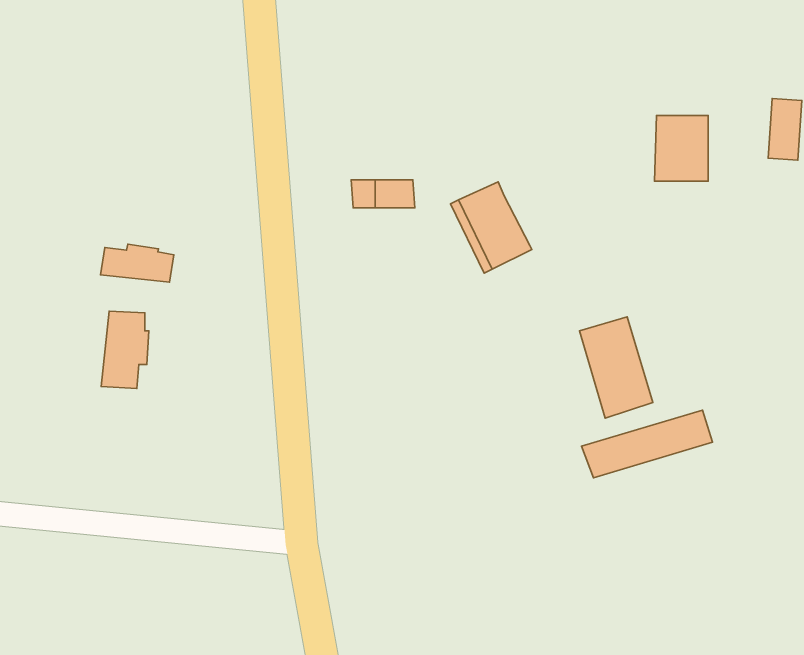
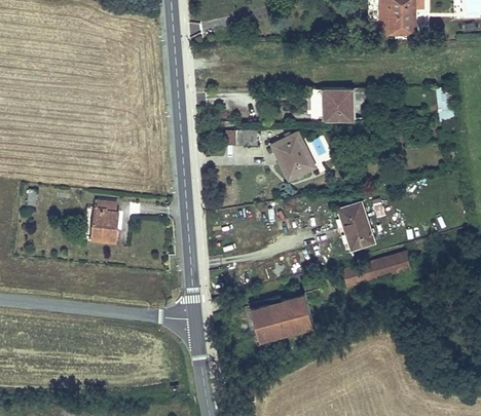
building: [655,116,708,181] -> [322,88,349,122]
building: [100,244,174,282] -> none
building: none -> [252,296,312,345]

